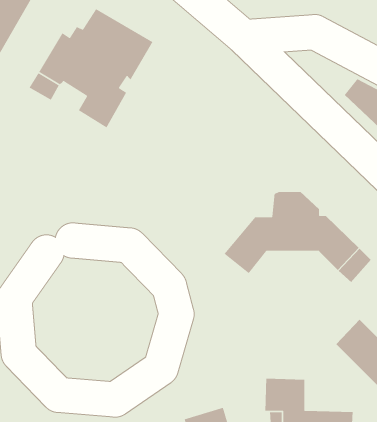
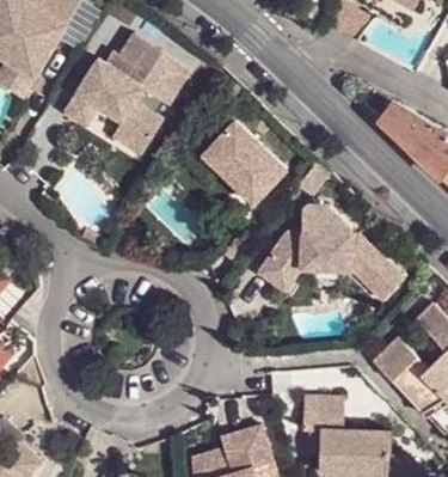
building: none -> [208,118,290,214]

